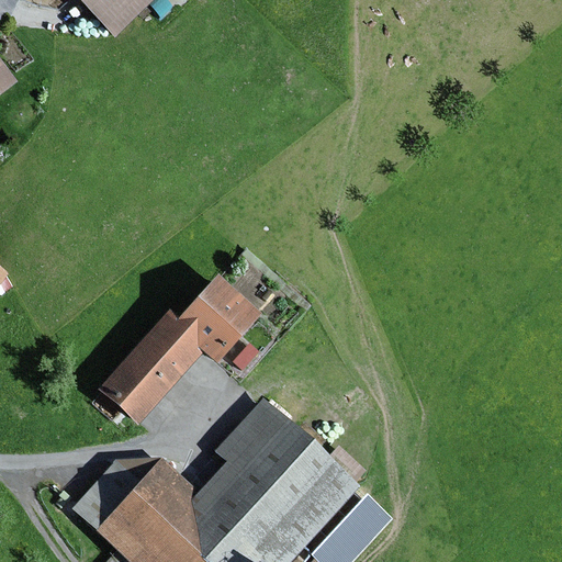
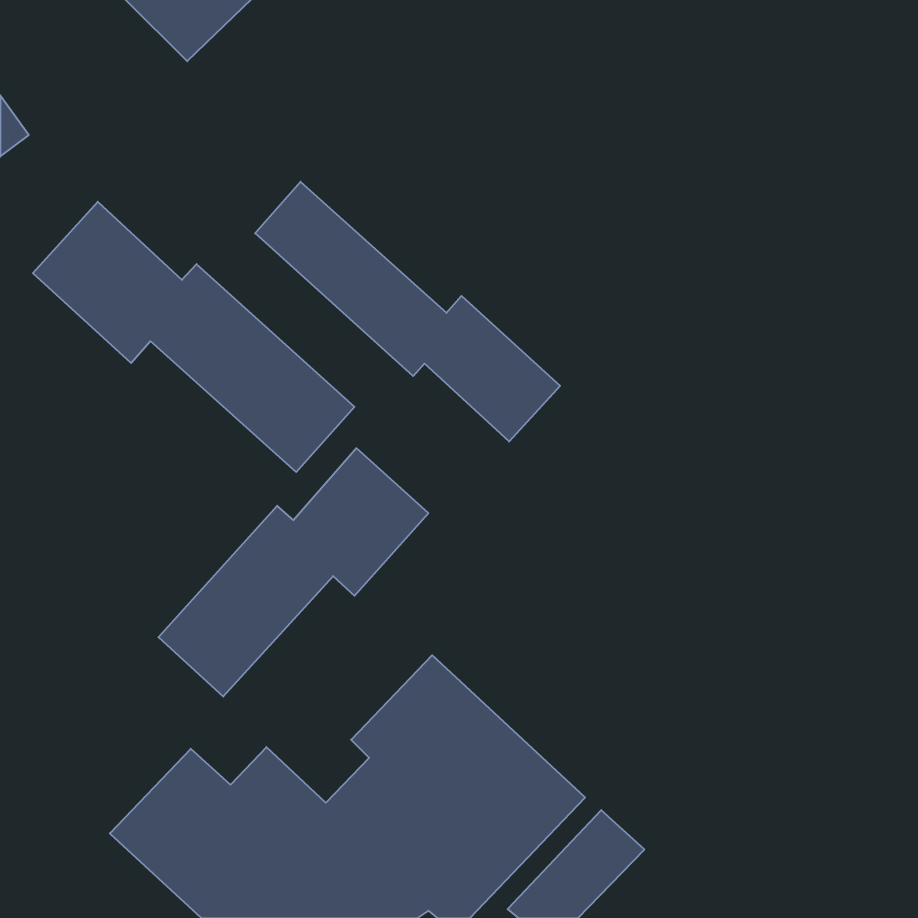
building: none -> [255,182,560,442]
building: none -> [33,202,354,472]

